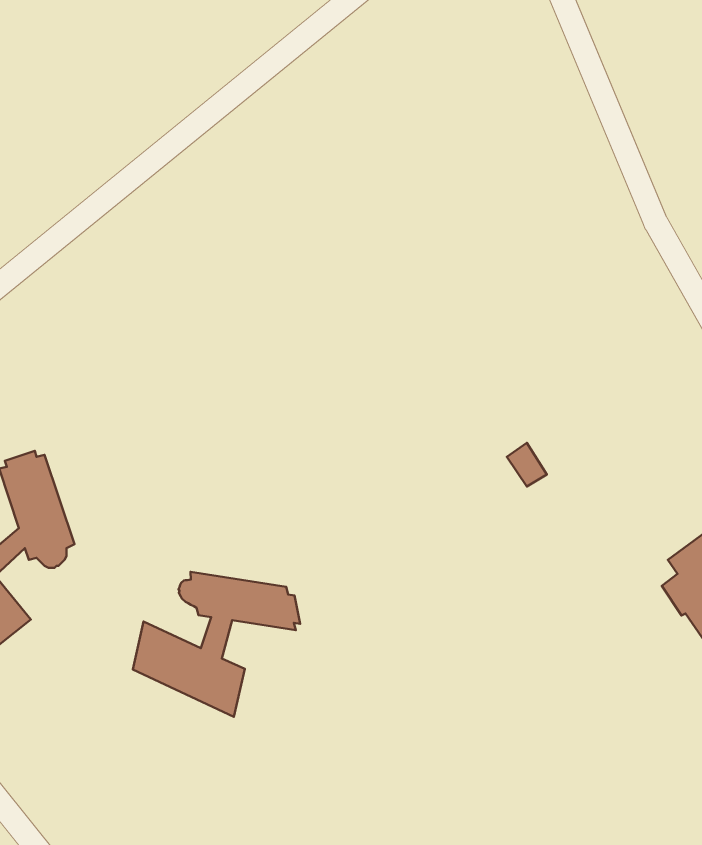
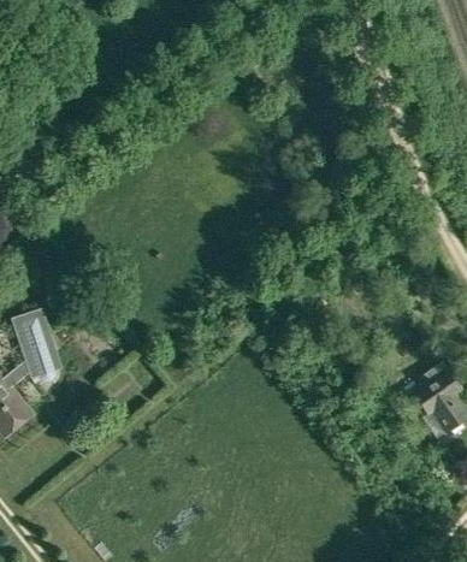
building: [133,572,300,717] -> none

